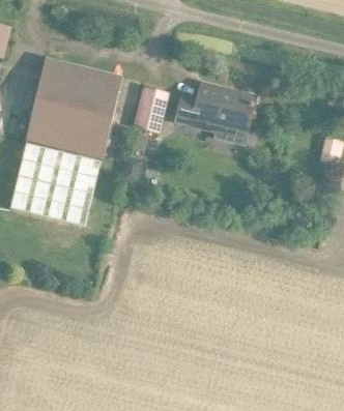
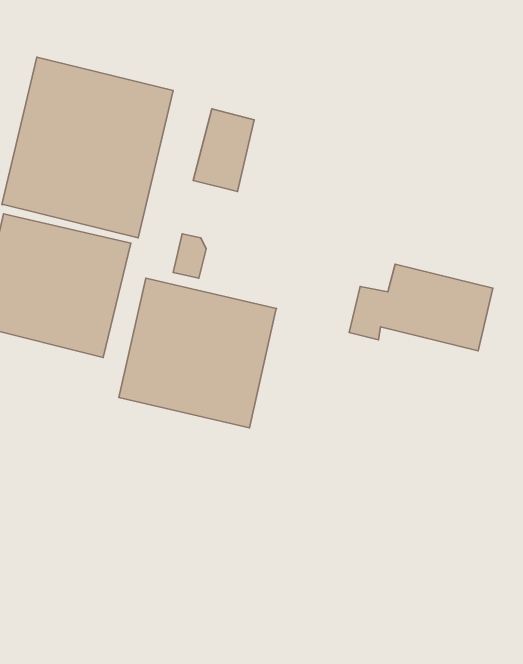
building: [174,83,255,131] -> [349,264,493,351]
building: none -> [119,278,276,428]

